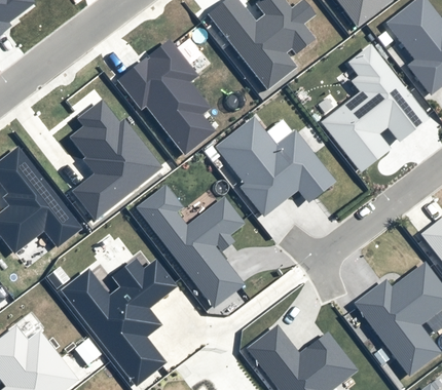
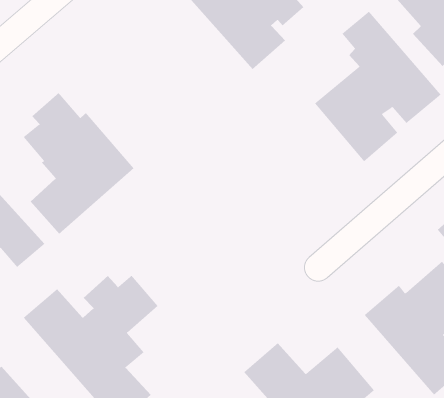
building: [118,40,215,153] -> none
building: [215,116,335,217] -> none
building: [136,184,245,308] -> none

